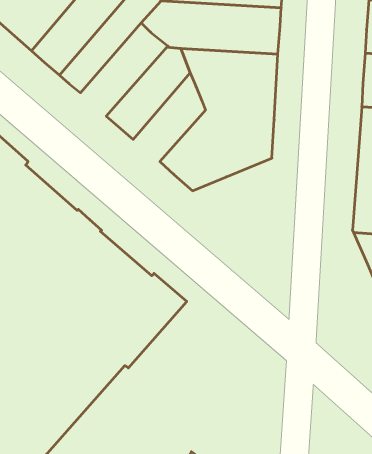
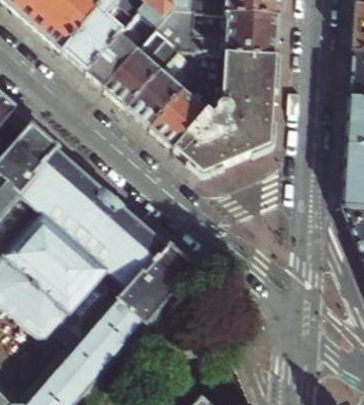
building: none -> [105,34,181,107]
building: none -> [151,70,213,146]

